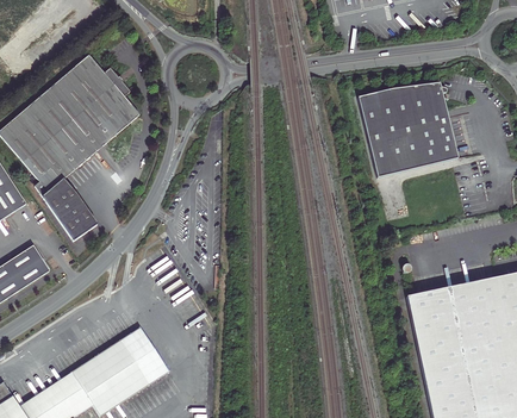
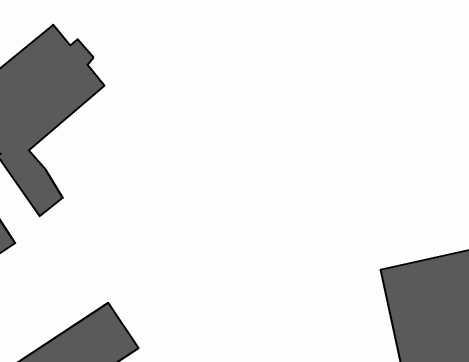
building: [357,83,457,177] -> none

